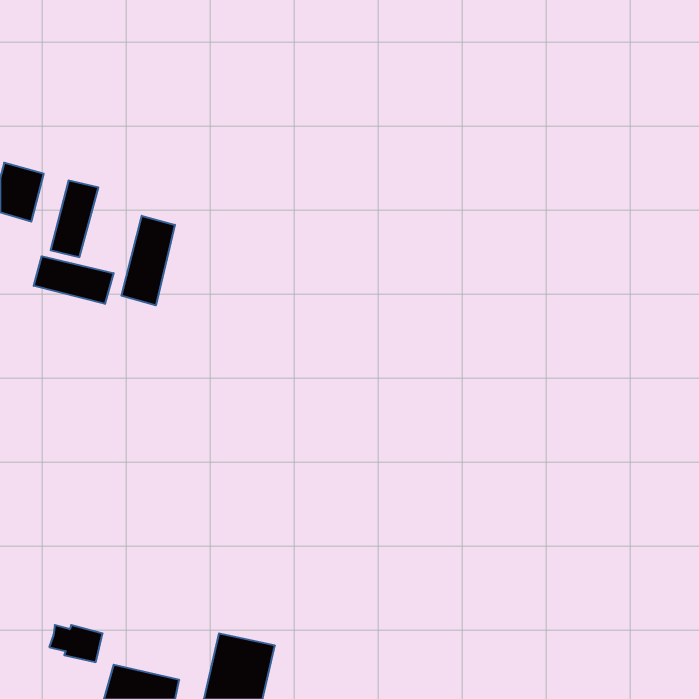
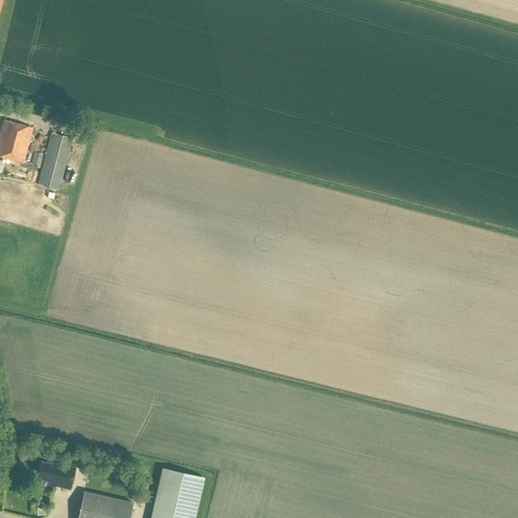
building: [121,216,175,305] -> none
building: [34,256,114,304] -> none

